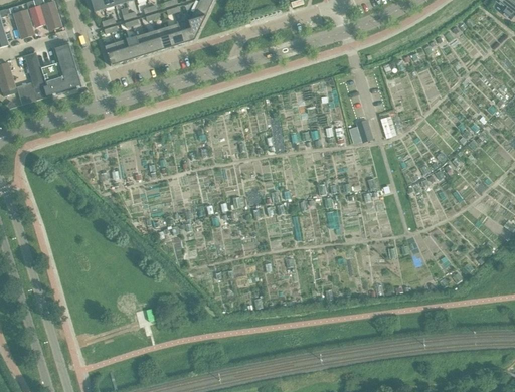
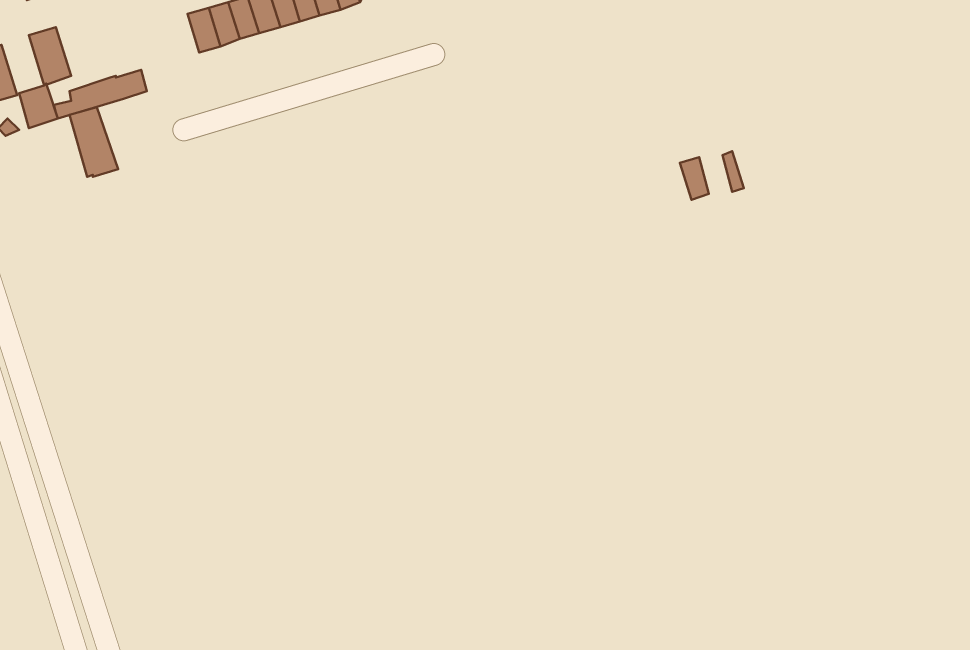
building: [53,42,78,78] -> [70,107,118,177]

